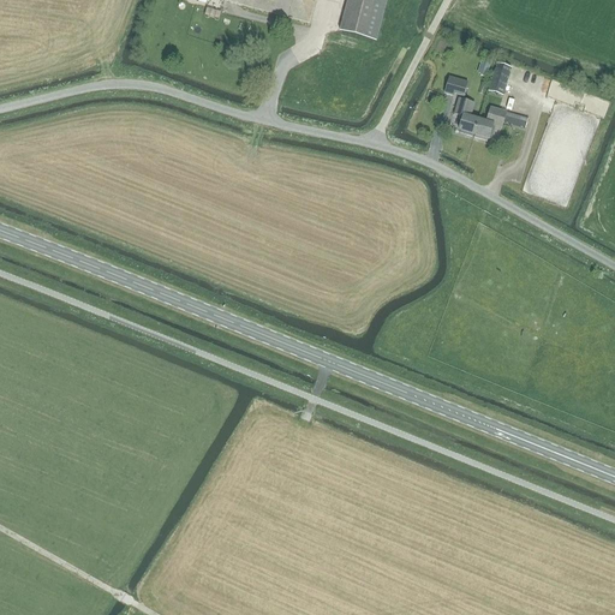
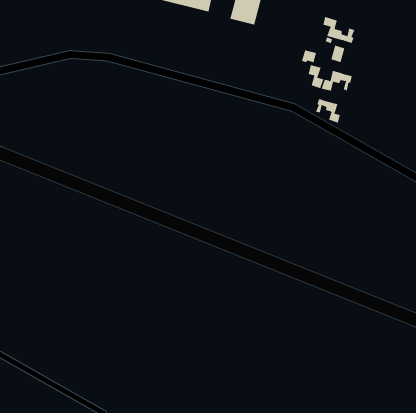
building: none -> [323,16,355,43]
building: none -> [315,99,340,124]

